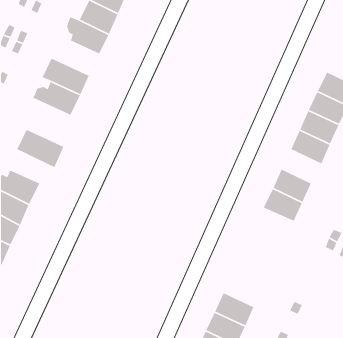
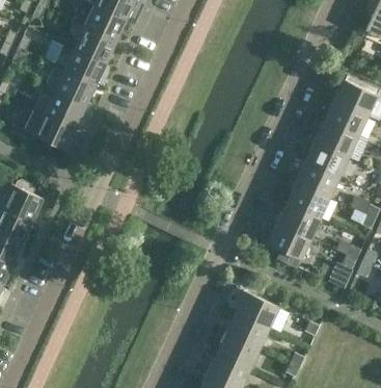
building: none -> [55,49,106,85]
building: [16,129,65,168] -> [25,109,76,151]
building: none -> [297,163,339,199]
building: none -> [268,225,310,260]
building: none -> [236,292,279,329]

